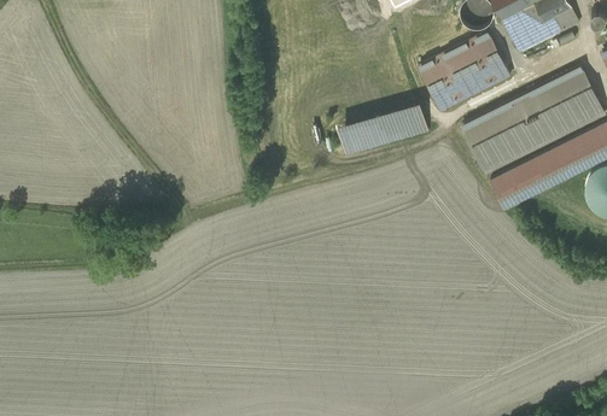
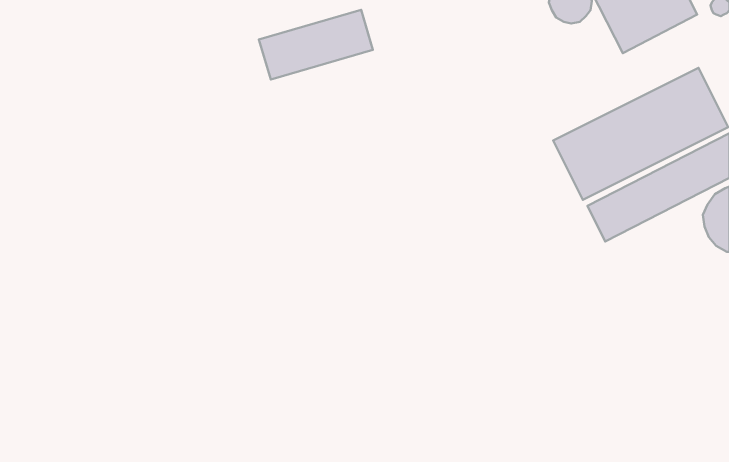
building: [418,33,510,111] -> none
building: [337,101,430,158] -> [259,10,373,79]

